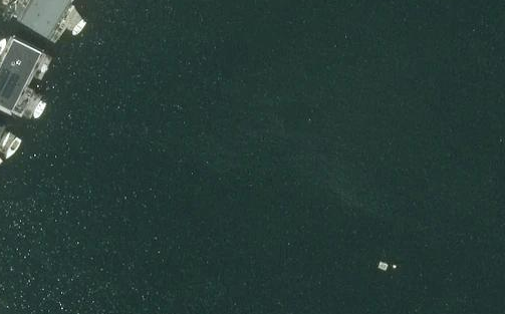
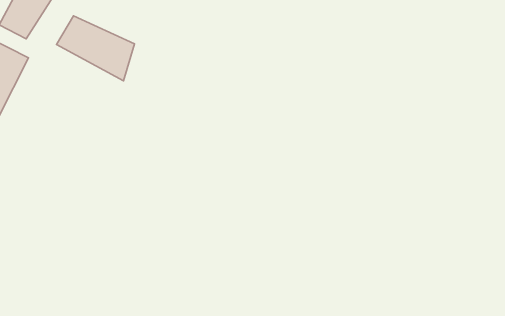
building: none -> [57,16,135,81]

